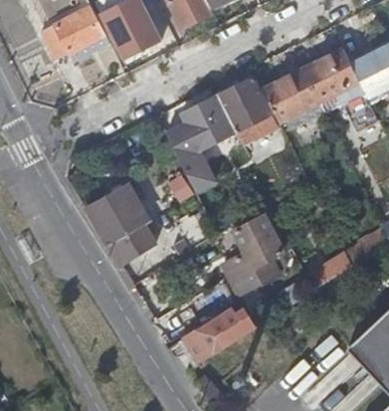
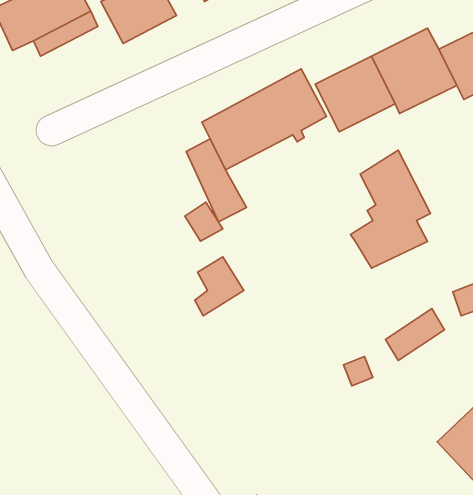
building: [85,187,153,264] -> none
building: [223,207,280,291] -> [350,150,430,268]
building: [182,314,257,363] -> none

